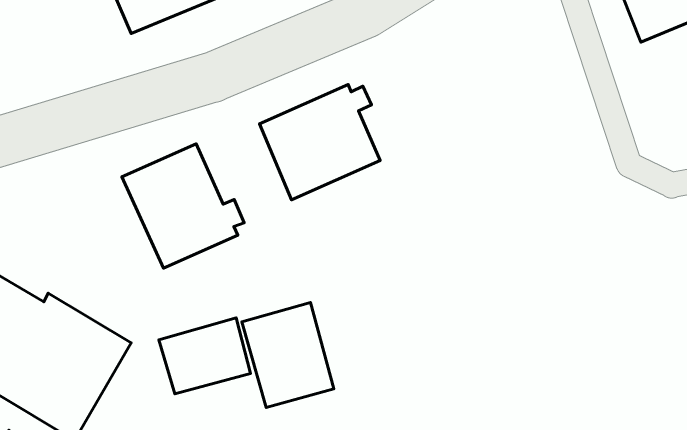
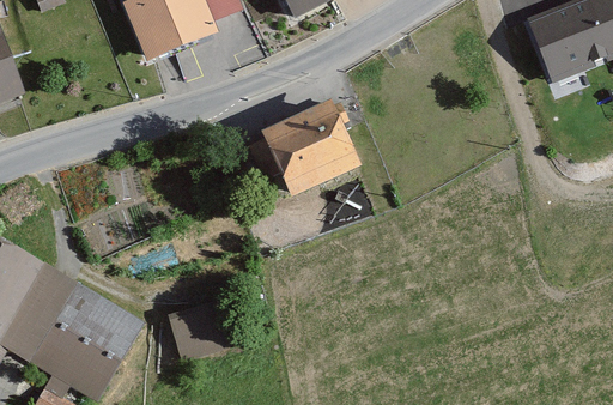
building: [122,144,244,268] -> none
building: [242,302,334,407] -> none

